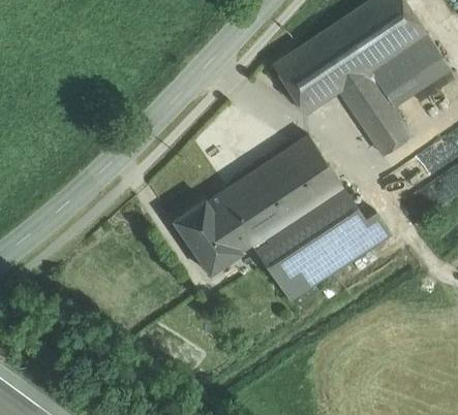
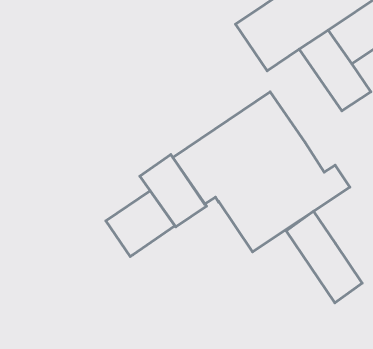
building: none -> [106,191,175,257]
building: none -> [286,211,362,303]

